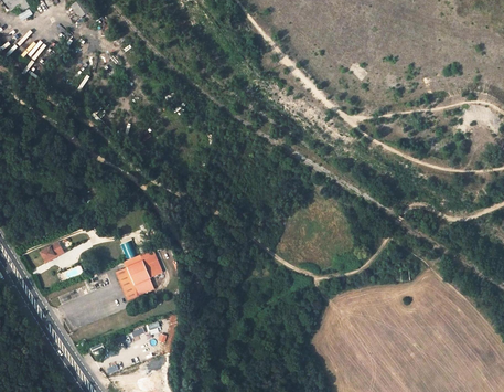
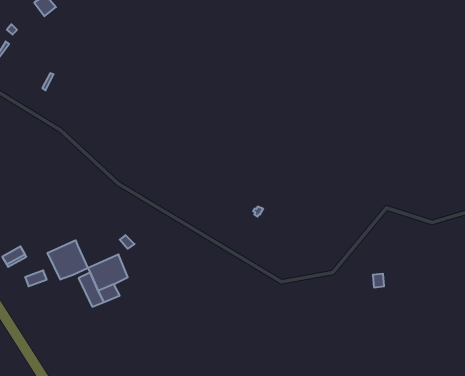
building: none -> [48,240,88,280]

